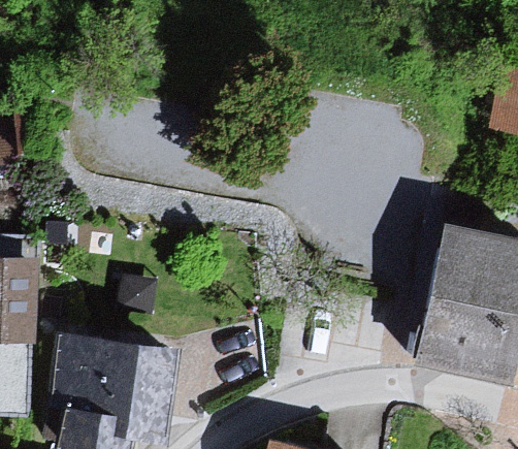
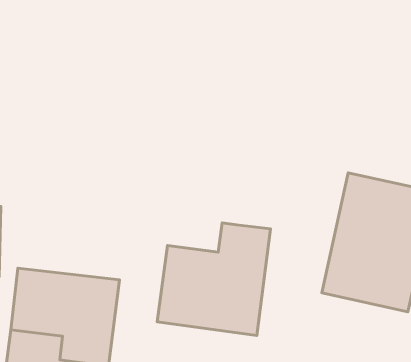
building: none -> [157,223,270,336]

